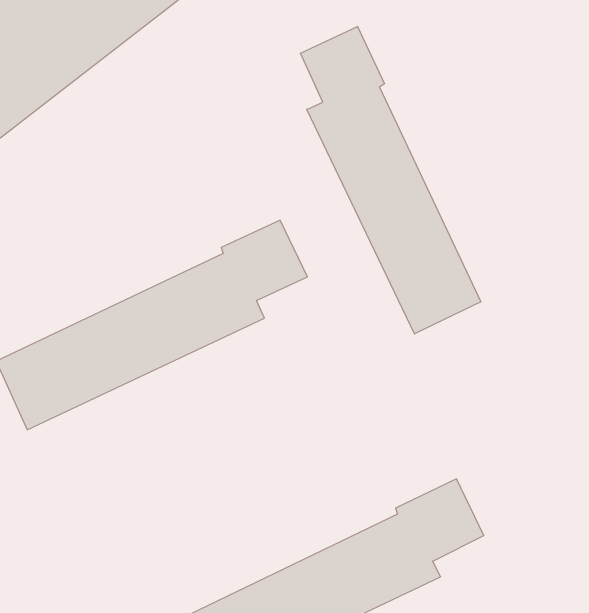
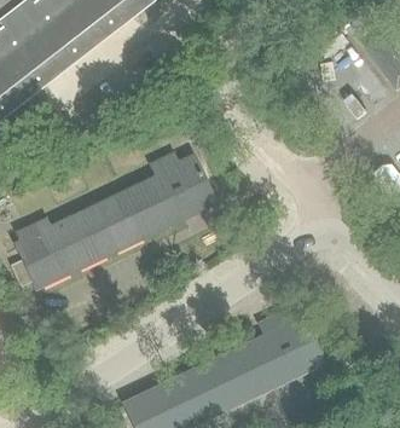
building: [301,26,481,334] -> none

